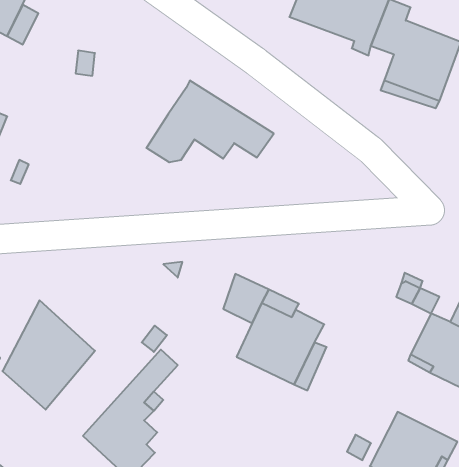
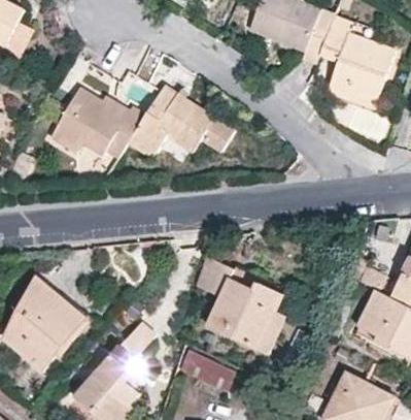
building: none -> [52,85,146,158]
building: none -> [181,352,237,392]

